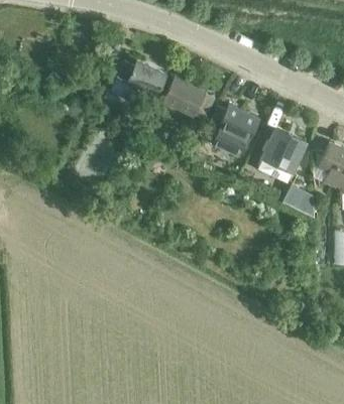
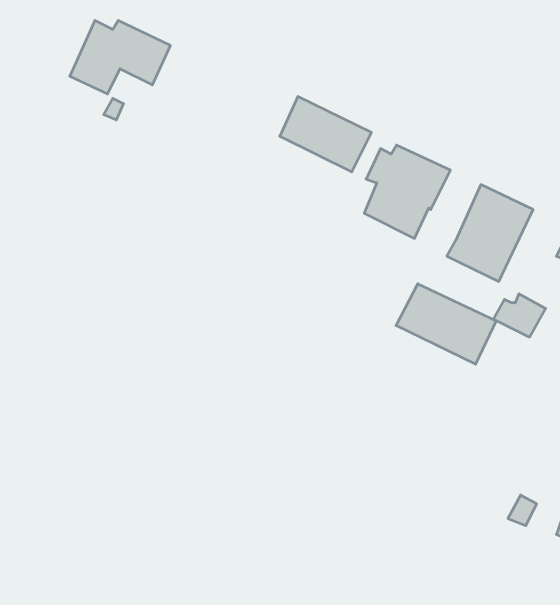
building: [111,60,167,102] -> [70,20,170,94]
building: none -> [396,284,496,364]

